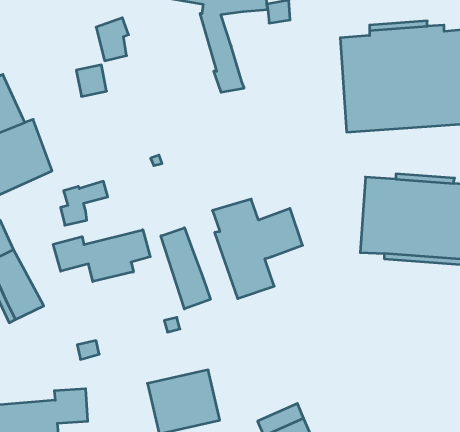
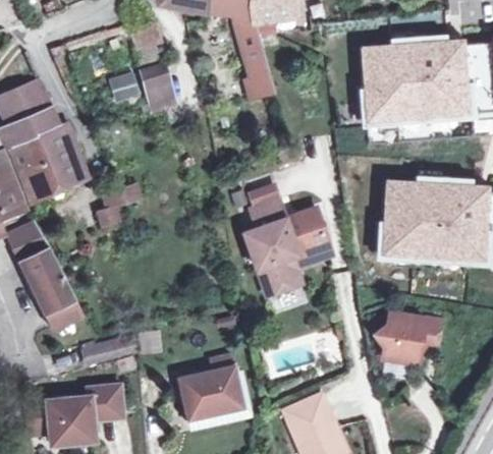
building: none -> [138,61,174,113]
building: [161,228,210,309] -> none
building: [53,230,150,282] -> none
building: none -> [375,315,443,367]

